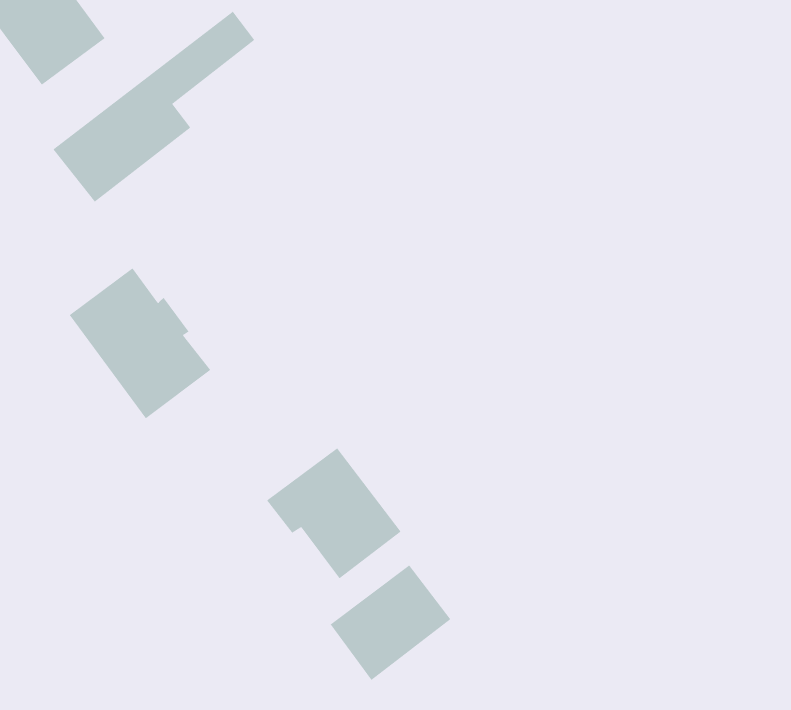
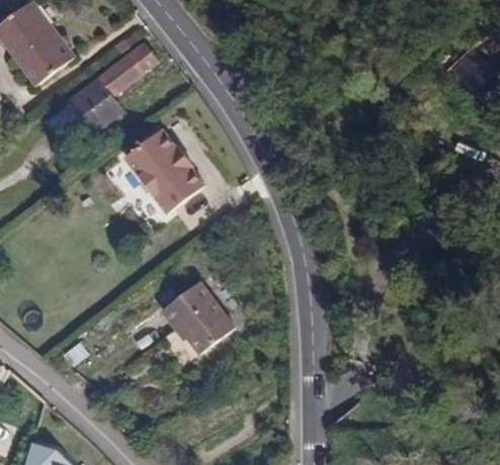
building: [69,267,211,419] -> [124,128,203,212]
building: [330,565,451,681] -> none

